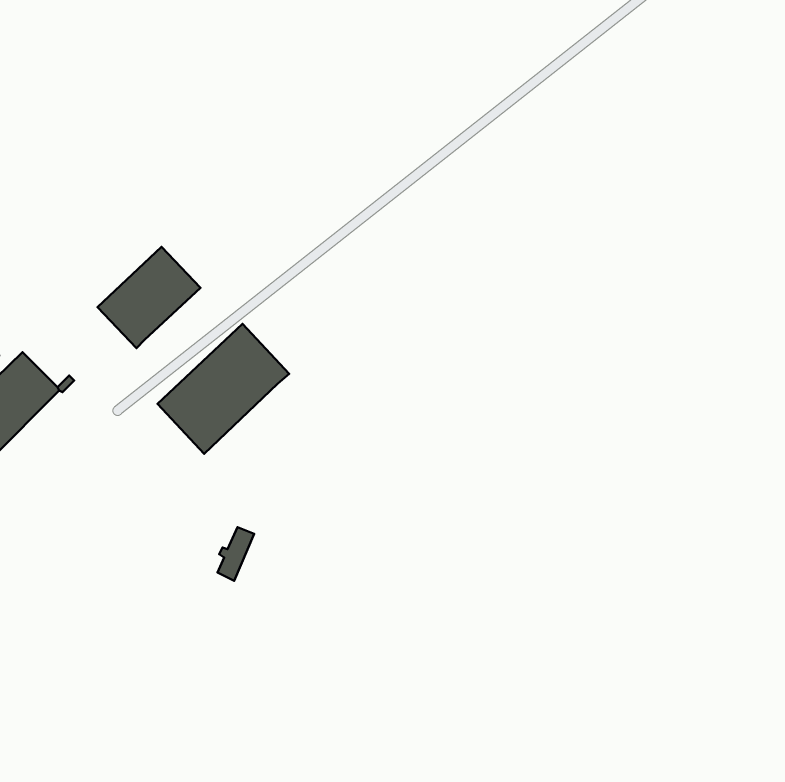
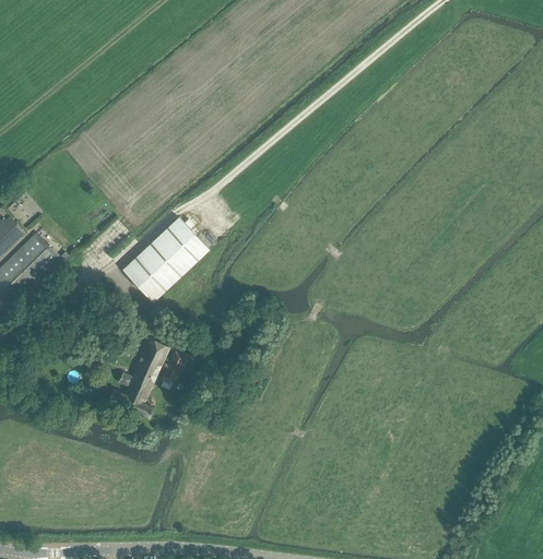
building: [98,247,201,348] -> none
building: none -> [109,337,169,416]

